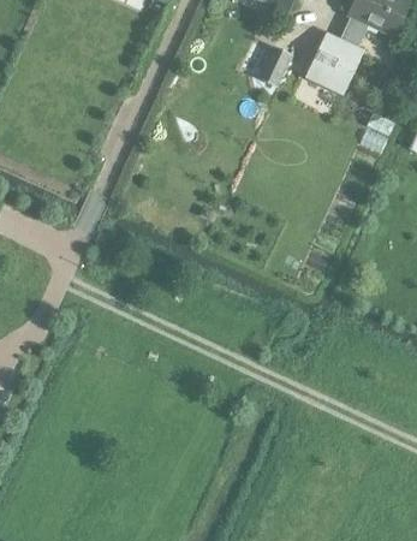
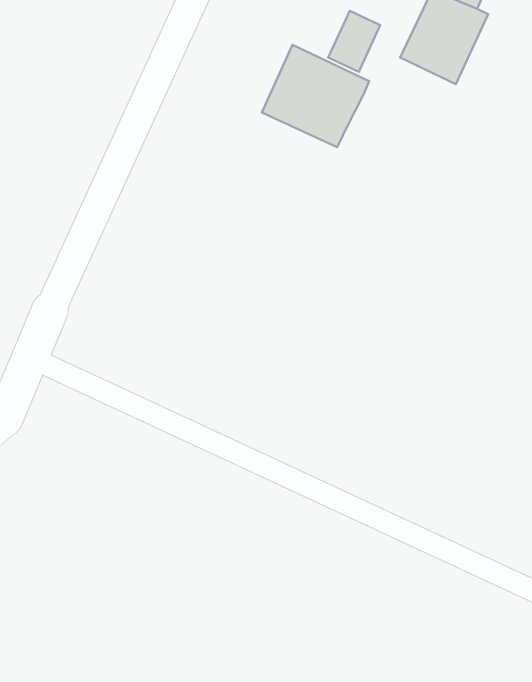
building: none -> [262,45,369,147]

